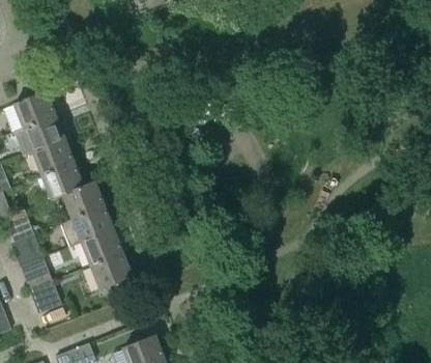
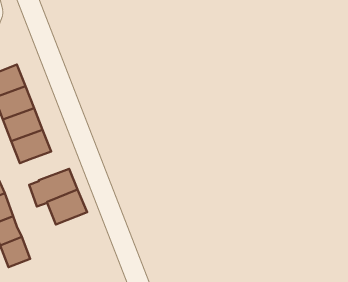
building: [61,179,104,216] -> none
building: [89,251,132,287] -> none

